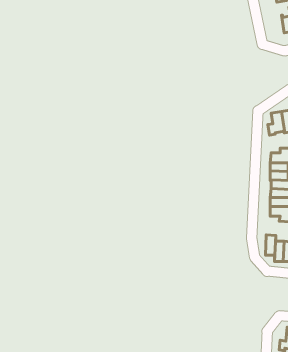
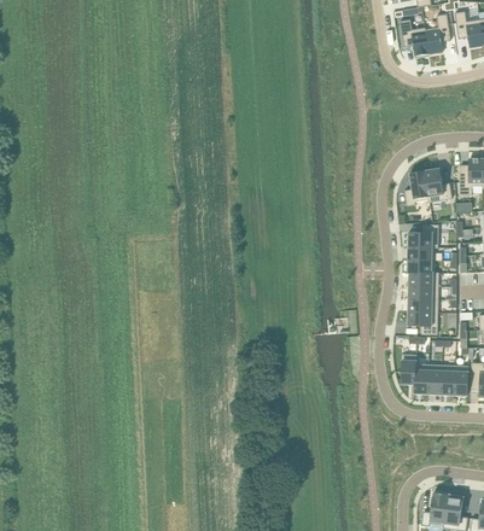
building: none -> [400,19,428,56]

